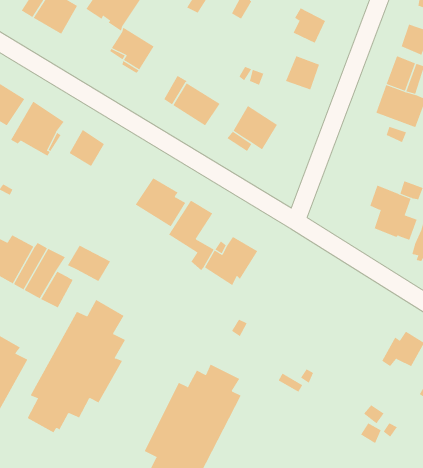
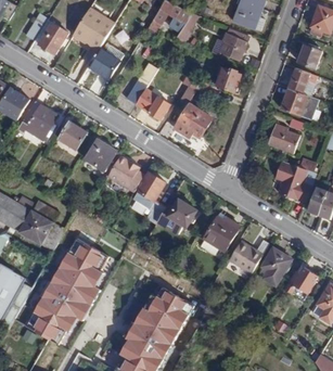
building: none -> [267,124,299,153]
building: none -> [86,139,120,179]
building: [67,245,111,282] -> none
building: none -> [204,216,239,248]
building: none -> [229,240,269,272]
building: none -> [256,247,291,283]

